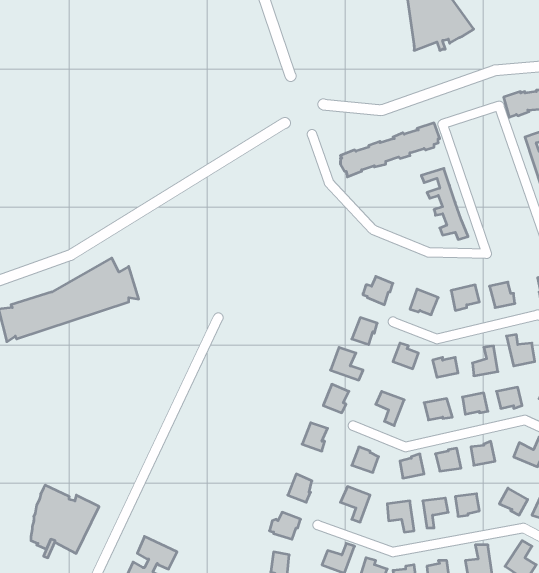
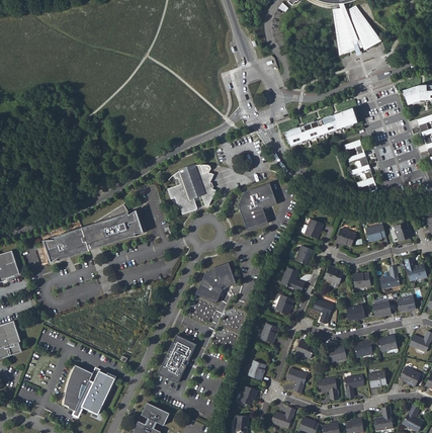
building: none -> [168,165,217,213]
building: none -> [237,182,276,230]
building: none -> [195,262,235,304]
building: none -> [157,334,195,382]

